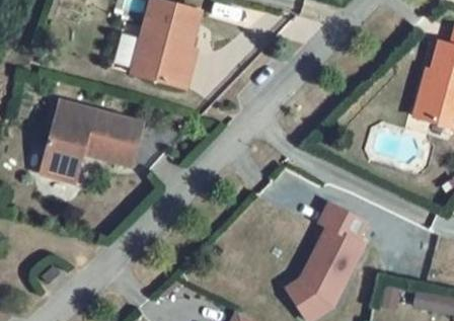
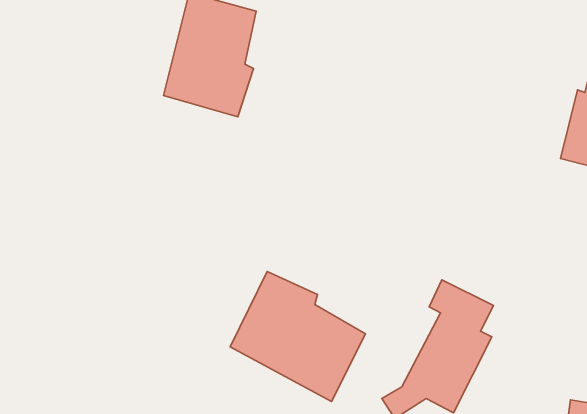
building: [36,100,139,180] -> none
building: none -> [230,272,366,401]

